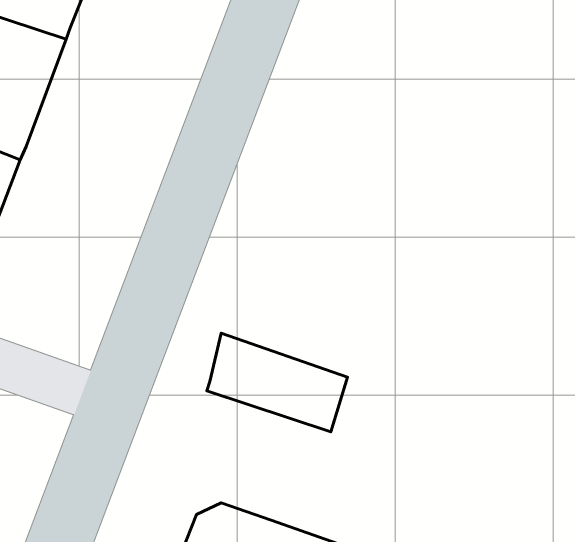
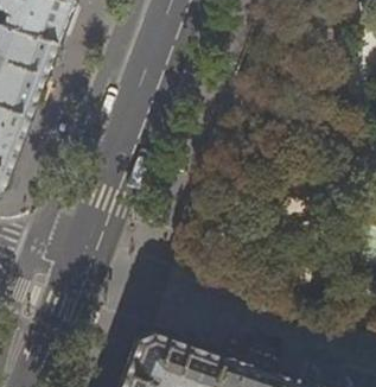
building: [207,333,348,432] -> none

